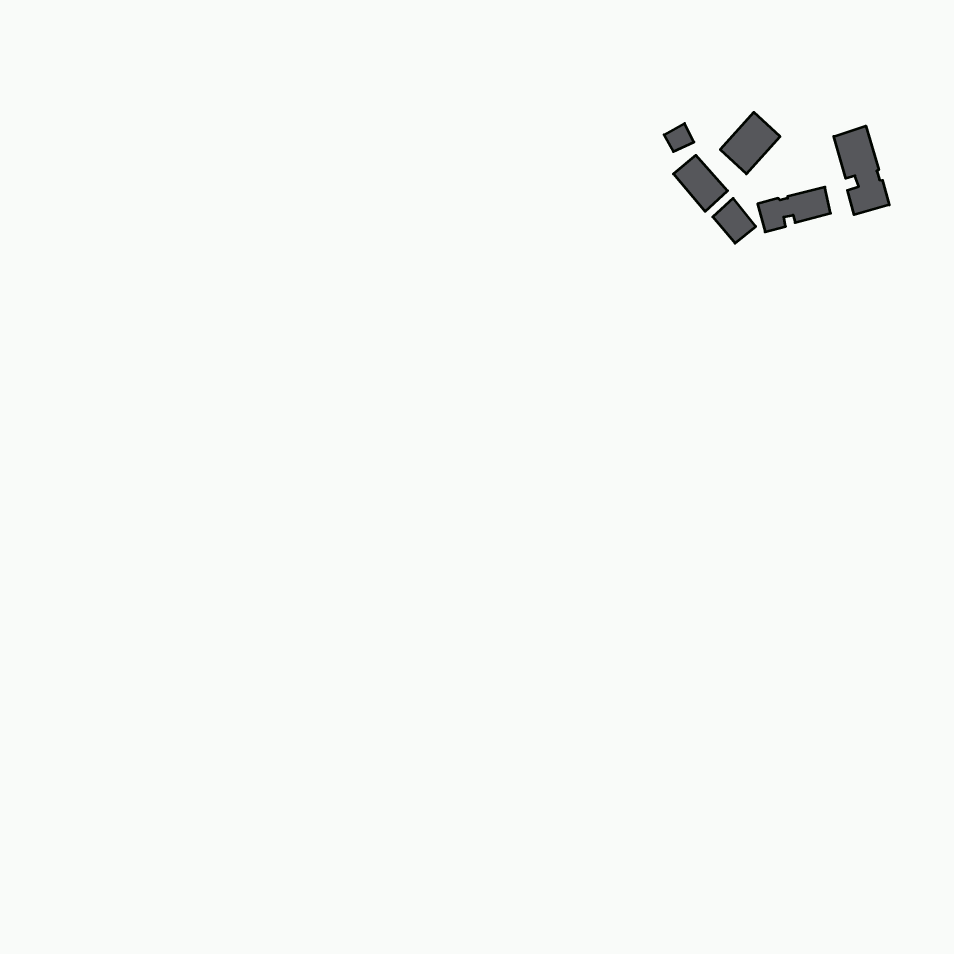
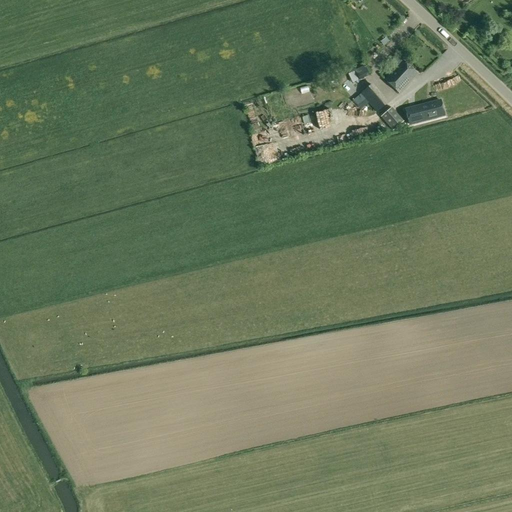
building: [834,126,889,215] -> none

